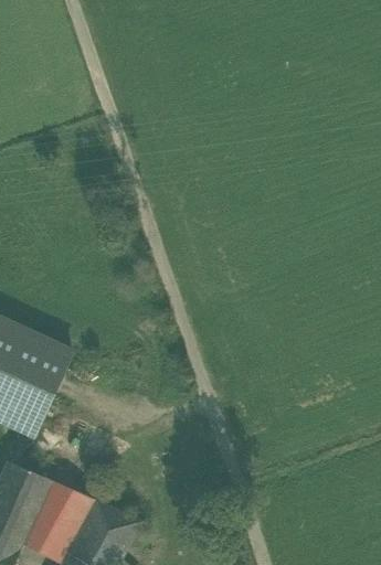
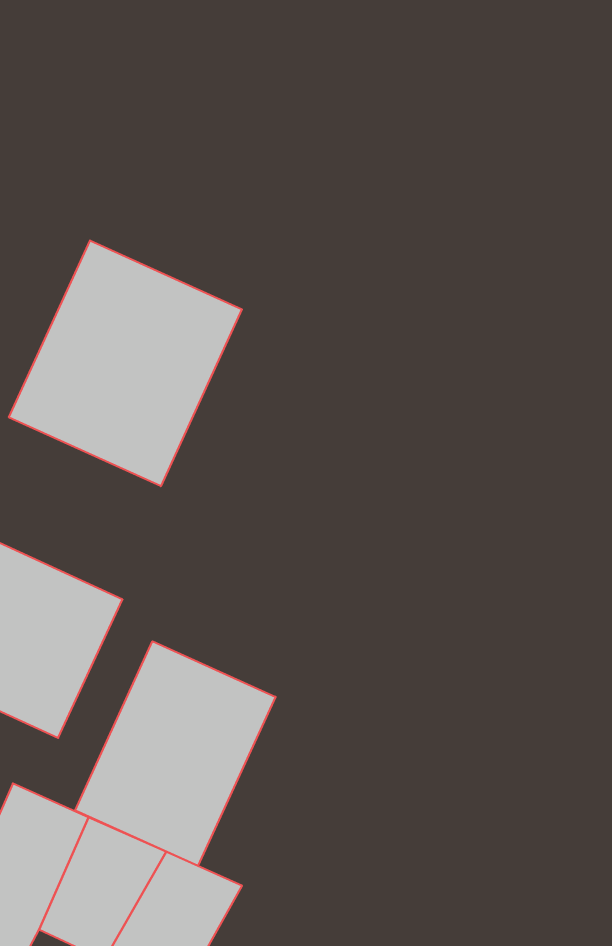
building: none -> [9,240,242,486]
building: none -> [75,641,276,866]

